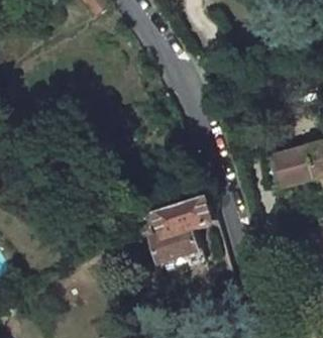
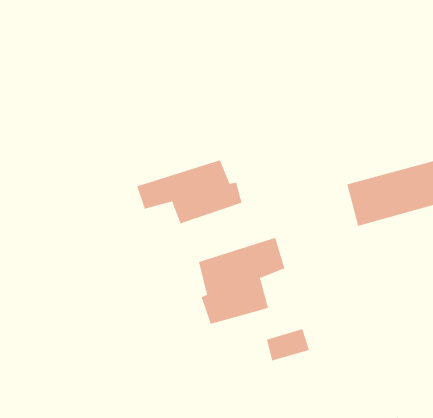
building: none -> [137,159,242,224]

